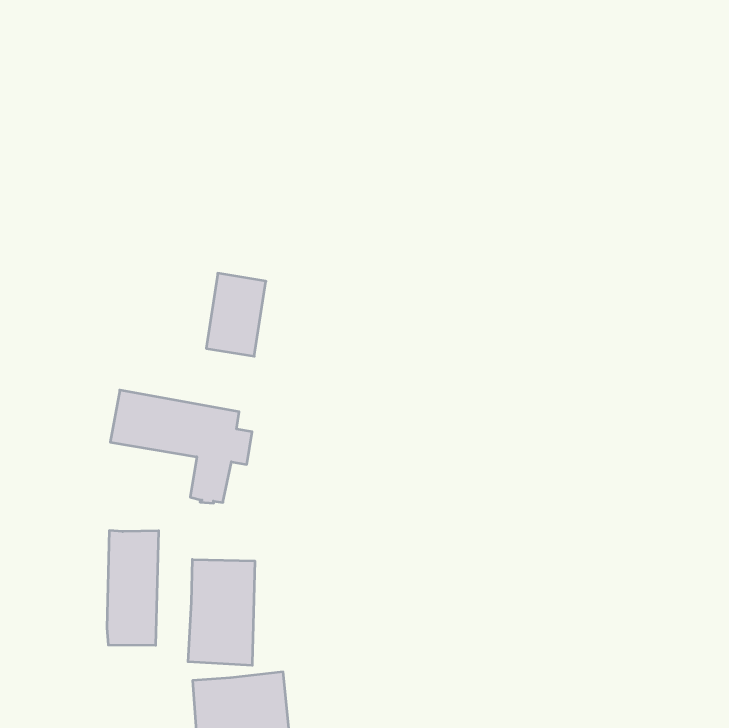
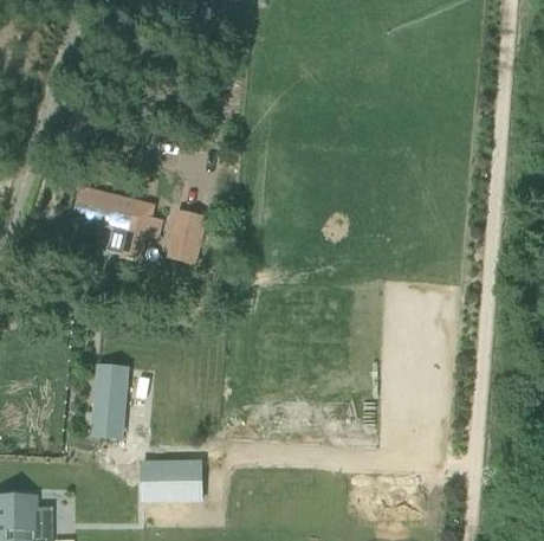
building: [110,390,252,503] -> [73,185,162,259]
building: [188,559,255,665] -> none

